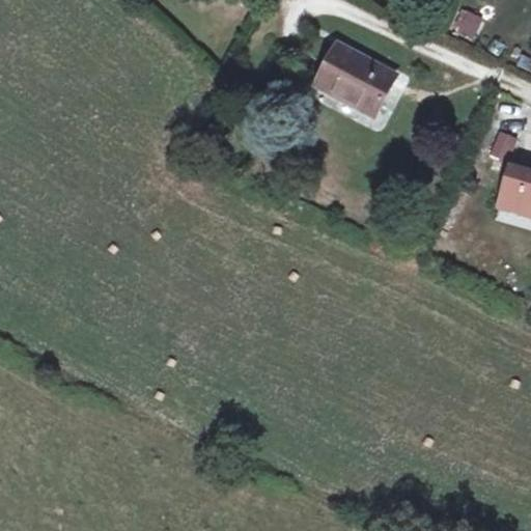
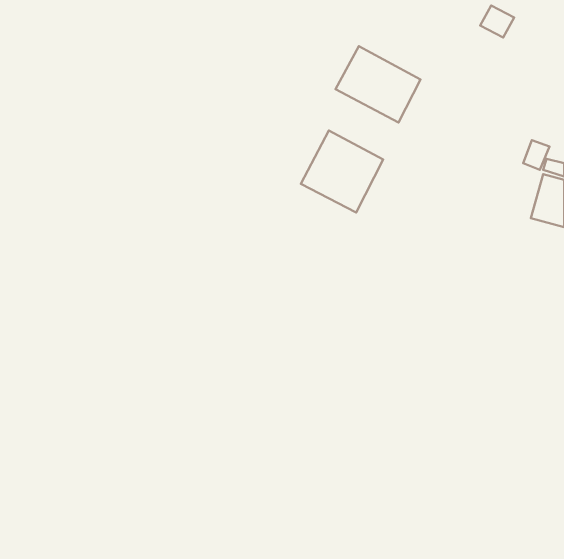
building: none -> [301,130,383,213]

